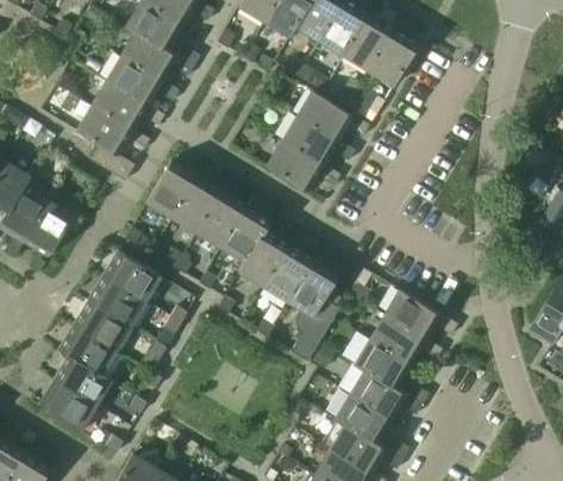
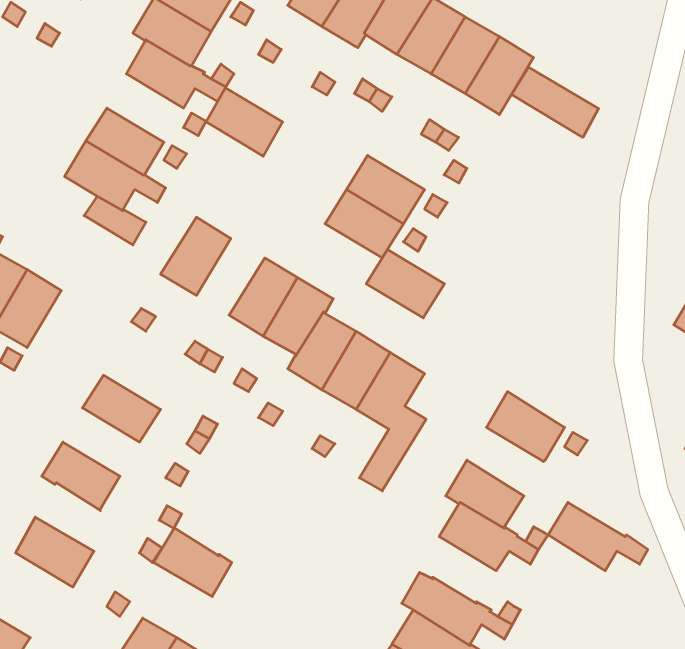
building: none -> [511,67,599,137]
building: [106,56,162,106] -> [206,88,283,156]
building: [296,90,354,140] -> [366,250,444,318]
building: [171,176,221,232] -> none
building: [104,250,161,301] -> none
building: [74,300,130,350] -> none
building: [369,314,442,364] -> [548,502,648,571]
building: [54,355,111,405] -> [154,528,232,597]
building: [333,394,390,443] -> none

